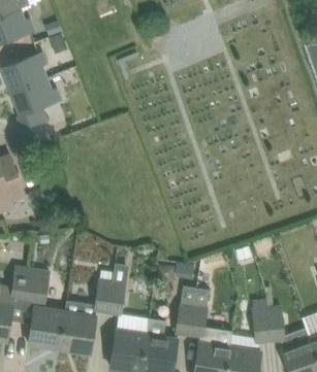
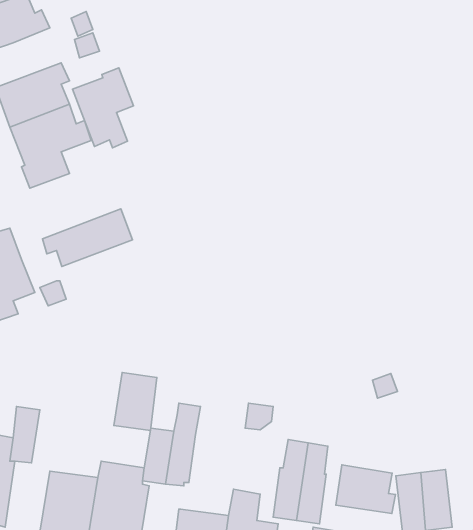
building: none -> [73,68,134,148]
building: none -> [43,209,133,266]
building: [24,268,51,304] -> [114,373,157,430]
building: none -> [336,465,396,513]

